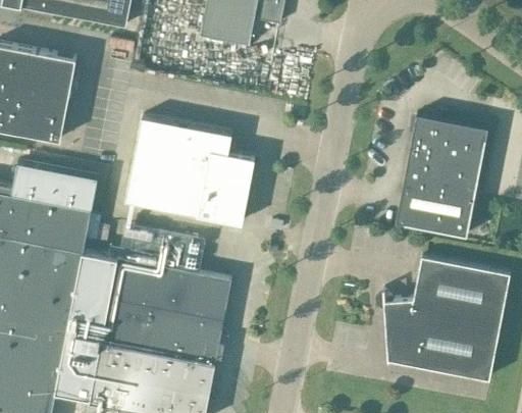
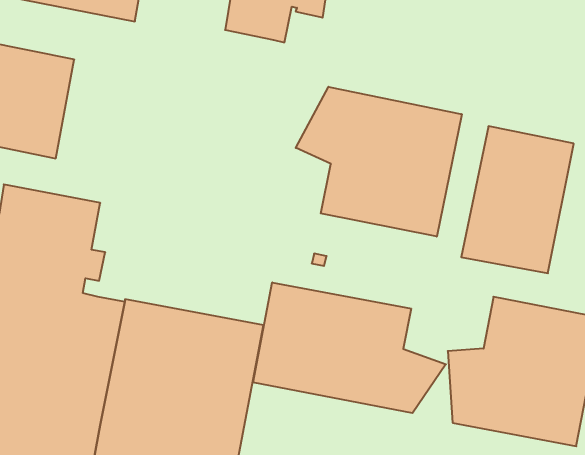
building: none -> [296,87,462,237]
building: [125,119,254,225] -> none
building: none -> [253,282,446,413]

